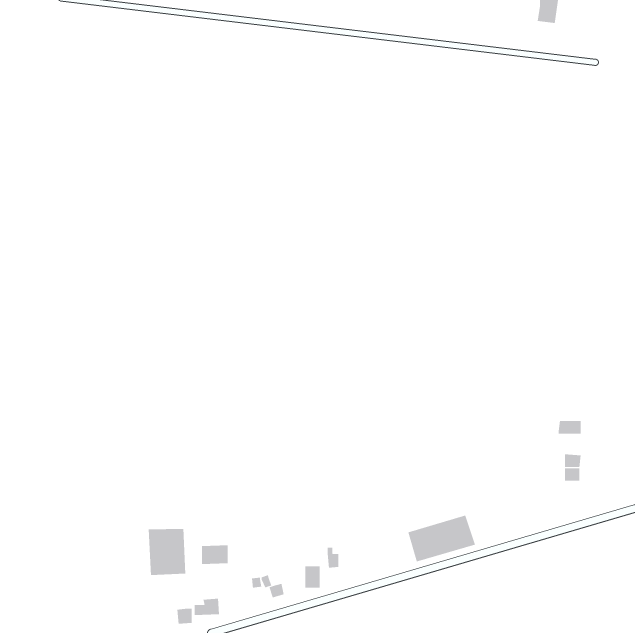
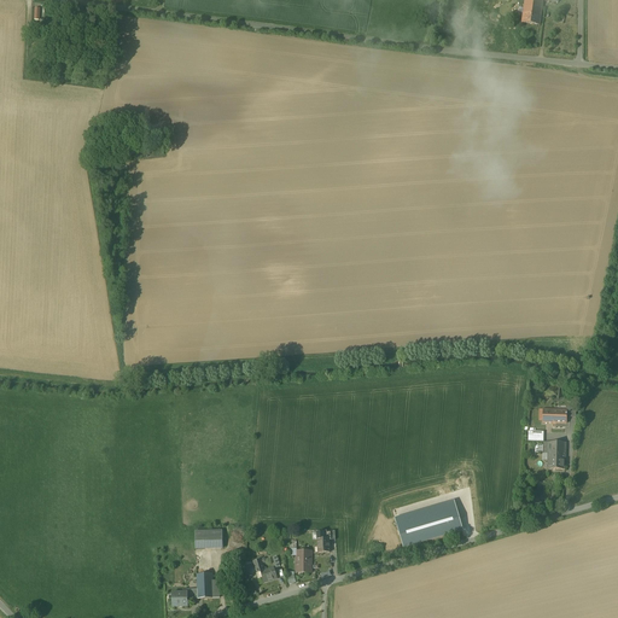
building: [148,528,186,576] -> none

